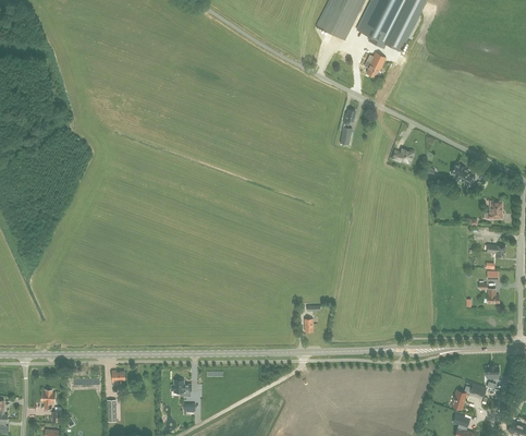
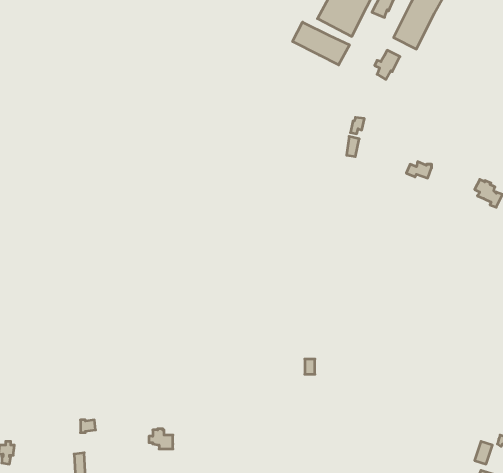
building: none -> [293,22,349,65]

